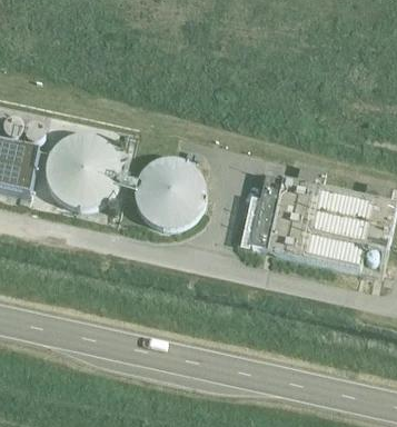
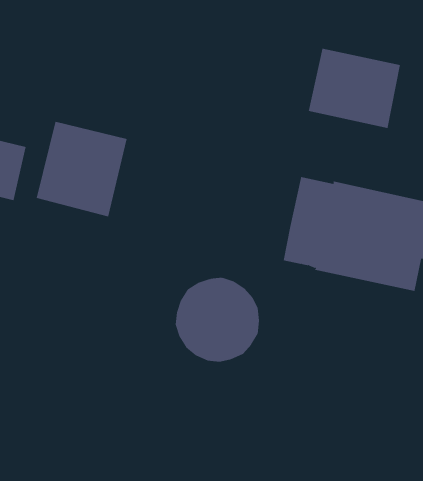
building: none -> [308,48,401,129]
building: [133,158,204,228] -> [175,277,260,362]

